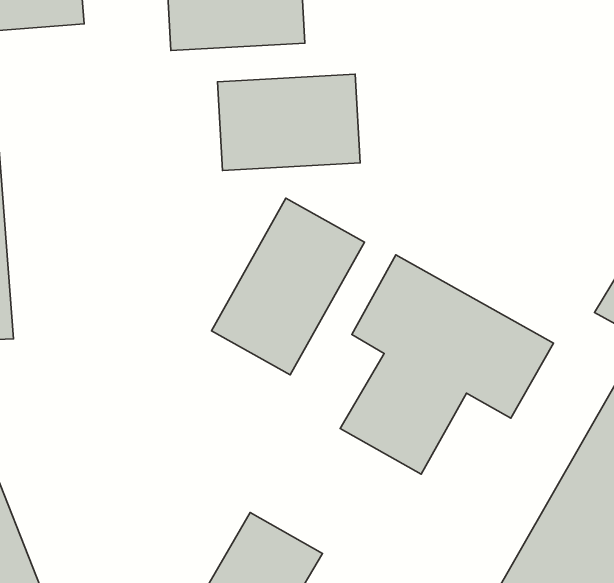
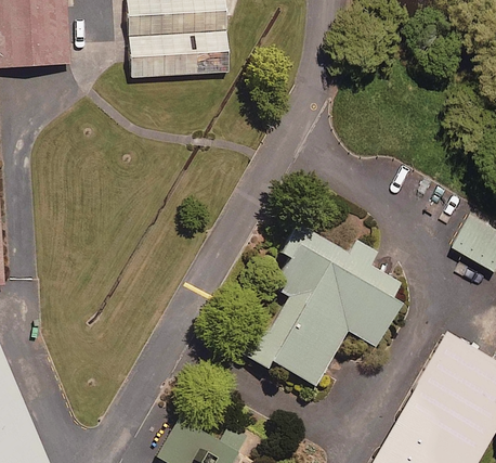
building: [217,74,360,170] -> none
building: [211,198,364,375] -> none

